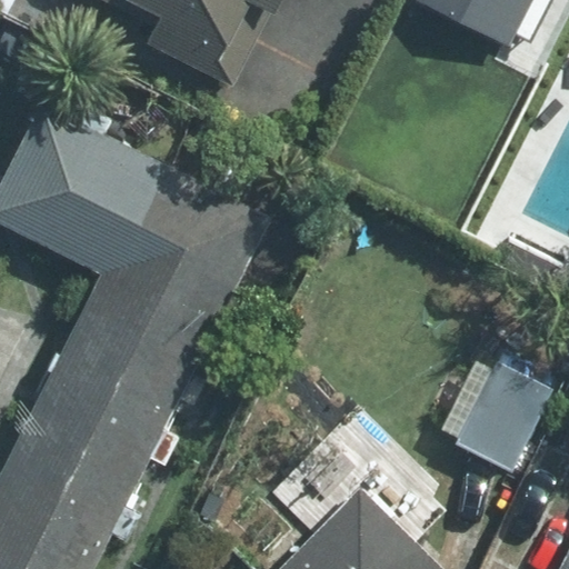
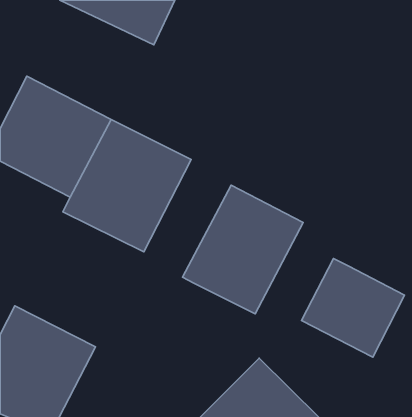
building: none -> [183,185,303,314]
building: [28,289,203,472] -> none

